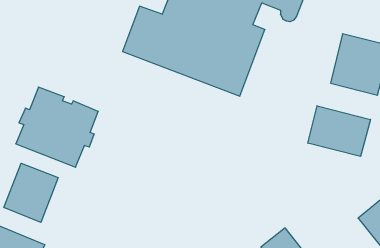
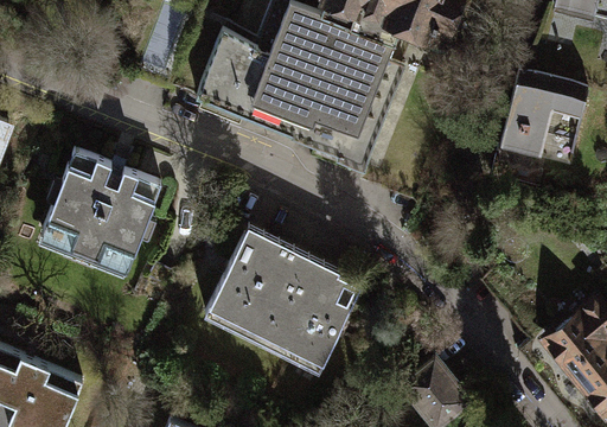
building: [308,106,370,156] -> none
building: none -> [204,235,362,372]
building: [4,163,58,222] -> none

